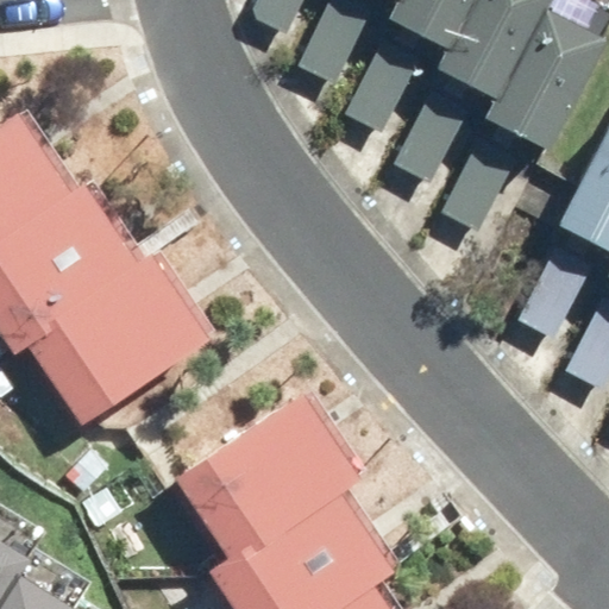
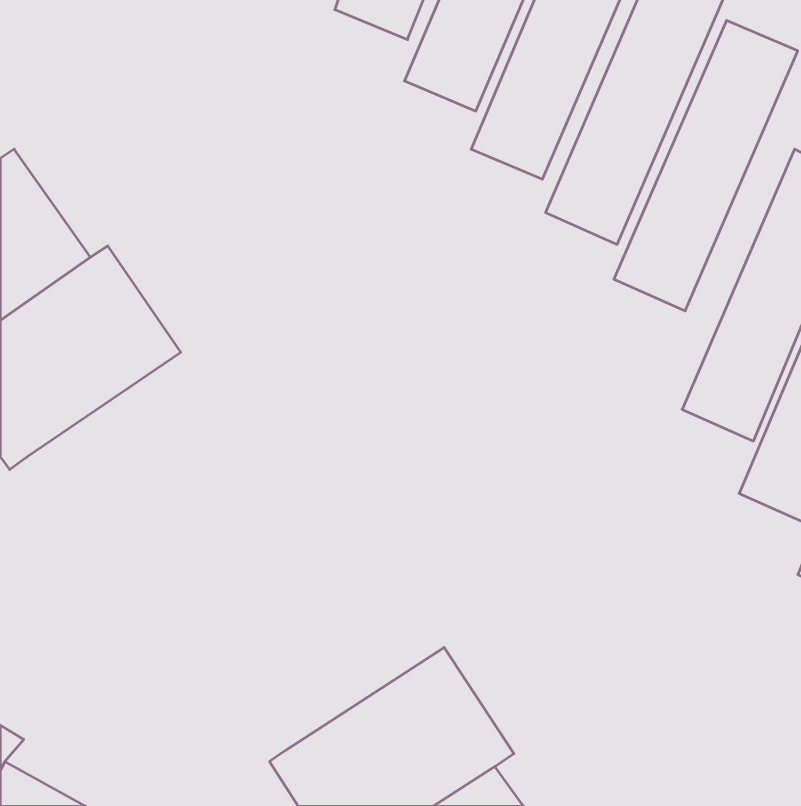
building: [27,256,212,426] -> none
building: [167,398,346,563] -> none

